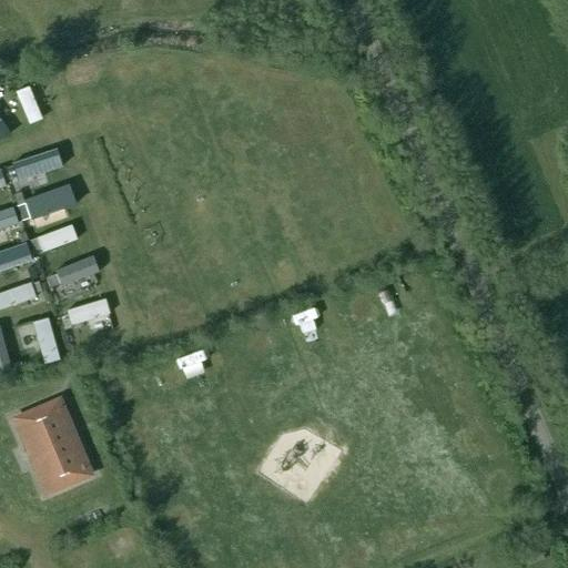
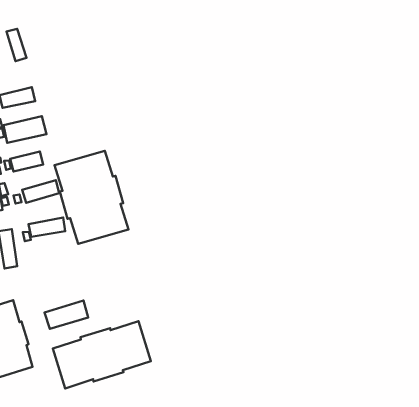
building: none -> [54,151,129,244]
building: none -> [45,300,88,329]
building: none -> [53,321,151,388]

